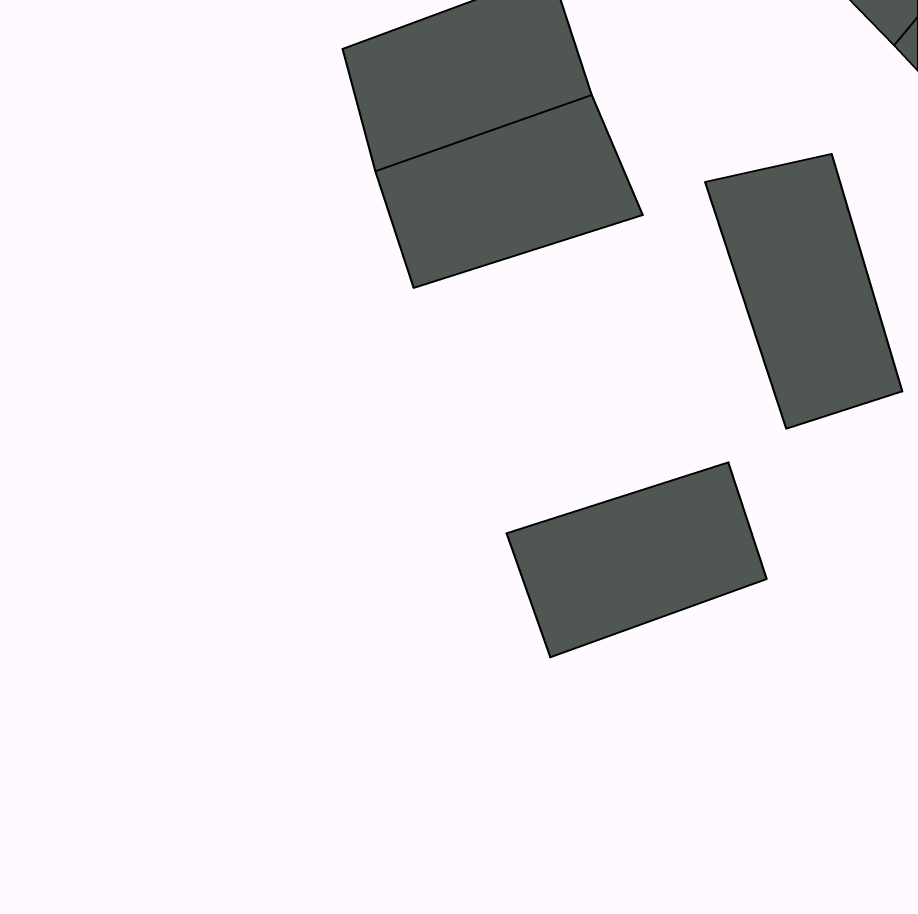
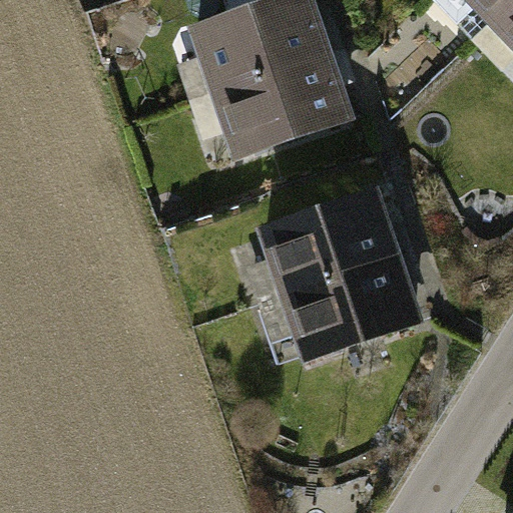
building: [705,154,902,429] -> none
building: none -> [259,185,401,294]

